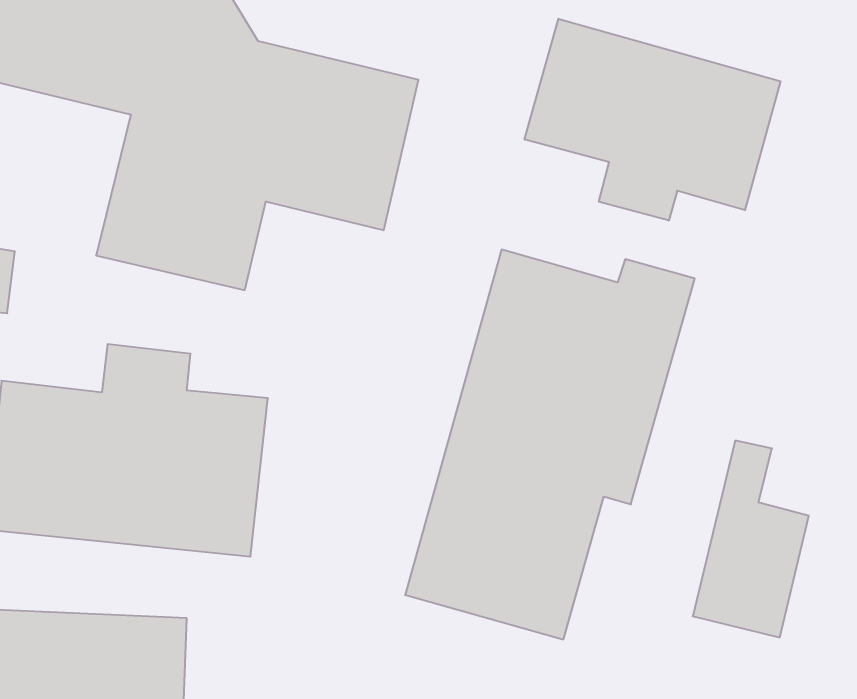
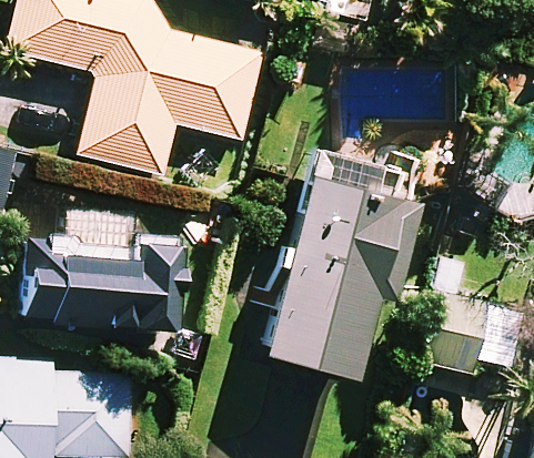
building: [525,19,780,221] -> none

